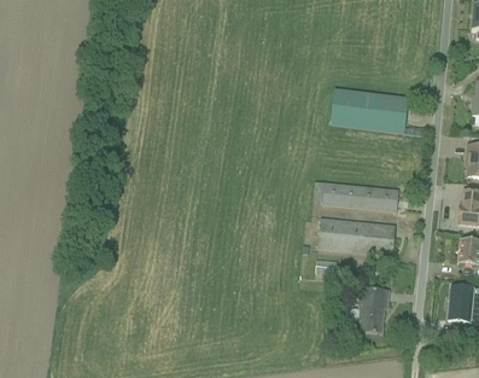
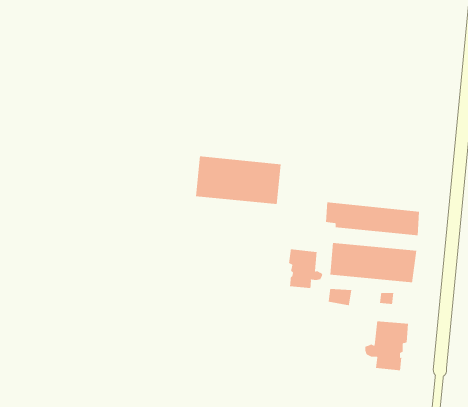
building: [331,88,408,132] -> [195,156,281,205]
building: none -> [289,248,323,289]

